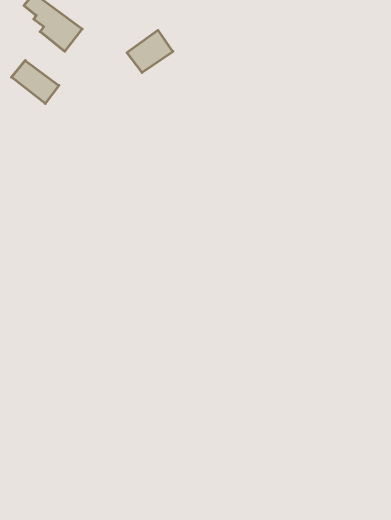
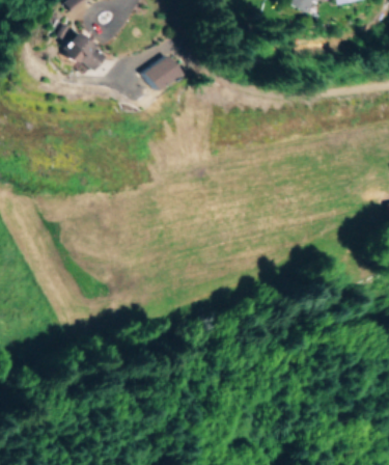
building: [11,60,59,104] -> none

